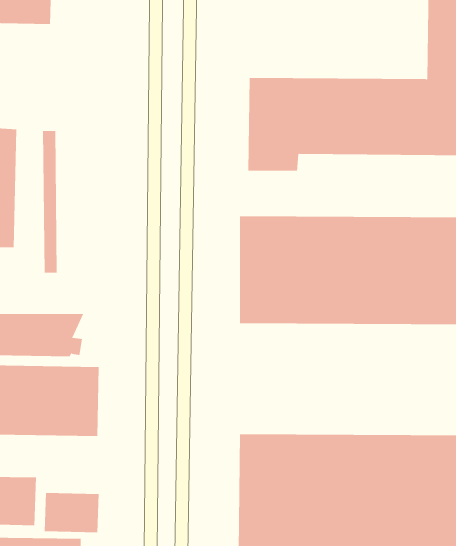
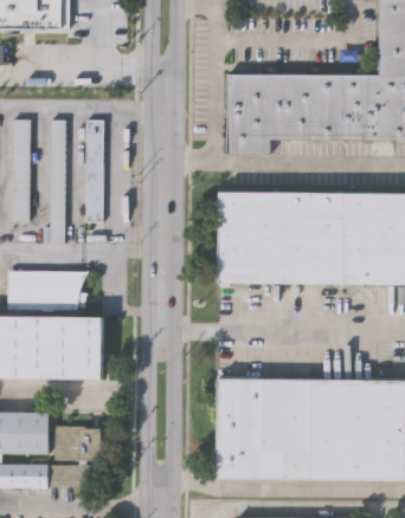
building: none -> [83,119,103,220]

